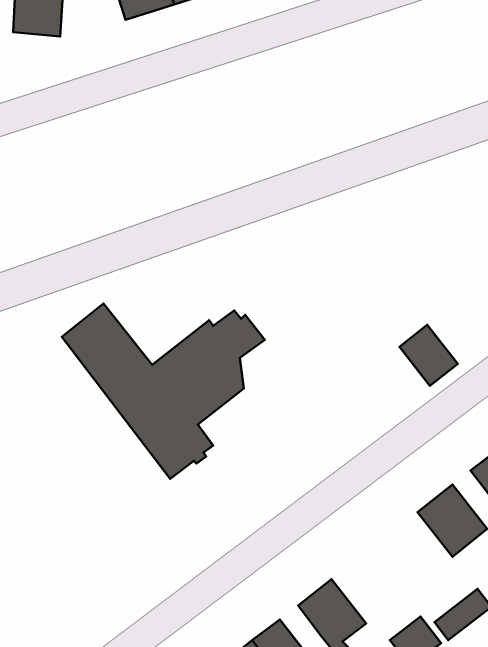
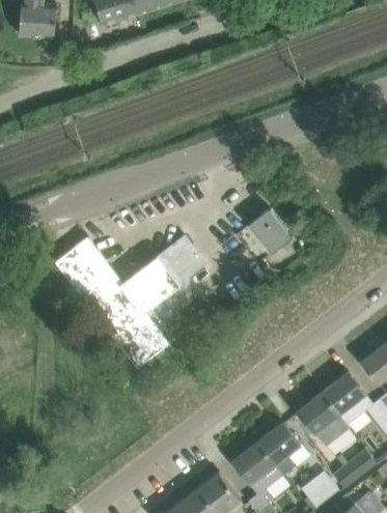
building: [399,325,458,386] -> [248,208,292,254]
building: none -> [296,393,349,447]
building: none -> [256,422,300,476]

